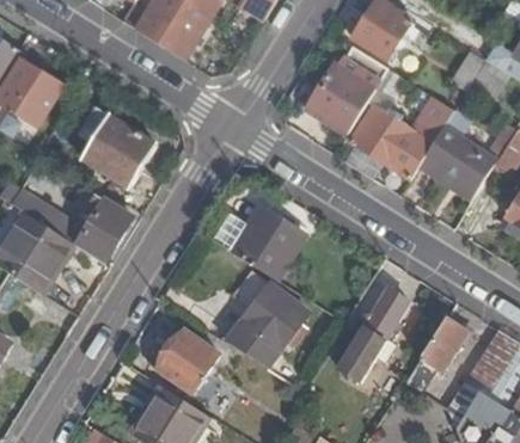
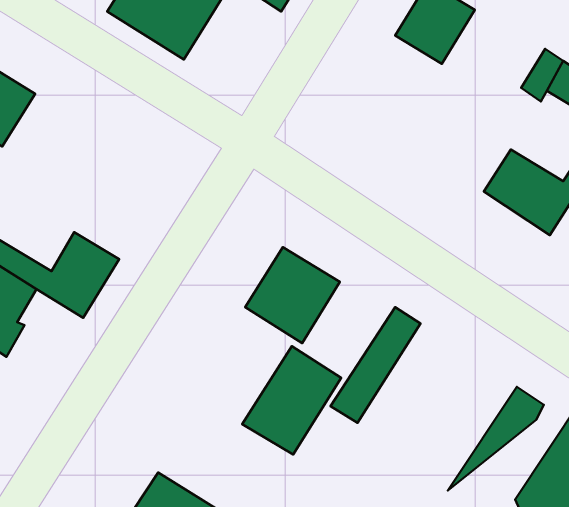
building: [306,61,375,134] -> none
building: [350,98,454,178] -> none
building: [77,105,154,186] -> none
building: [338,288,410,380] -> [331,307,421,423]
building: [158,330,218,390] -> none

